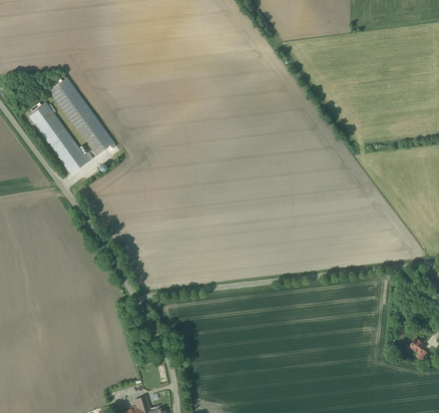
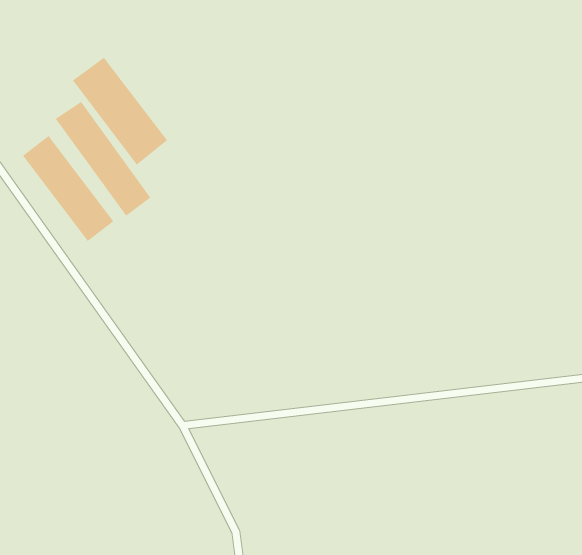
building: none -> [72,57,168,166]

